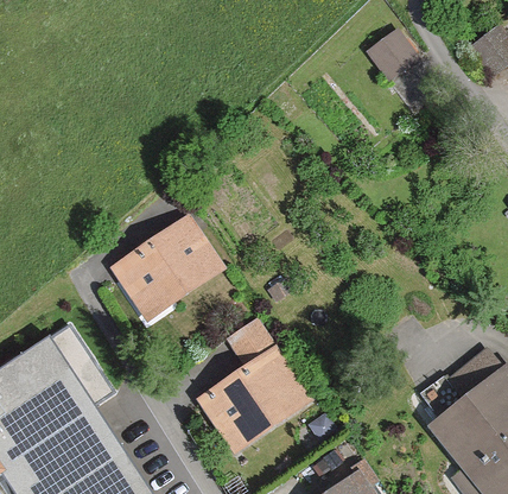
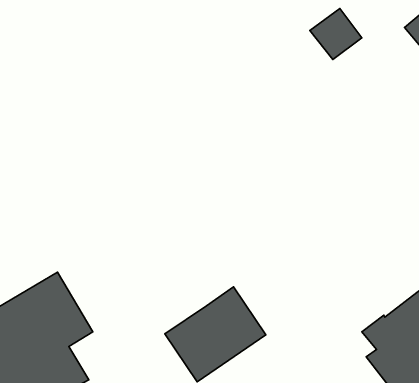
building: [109,213,227,322] -> none
building: [229,319,275,365] -> none

